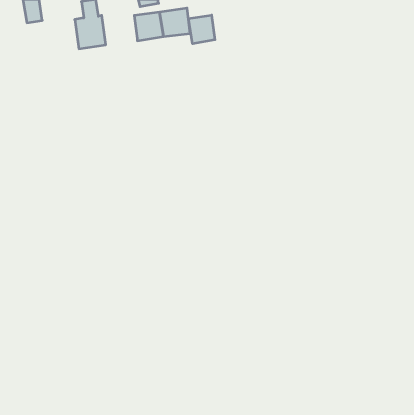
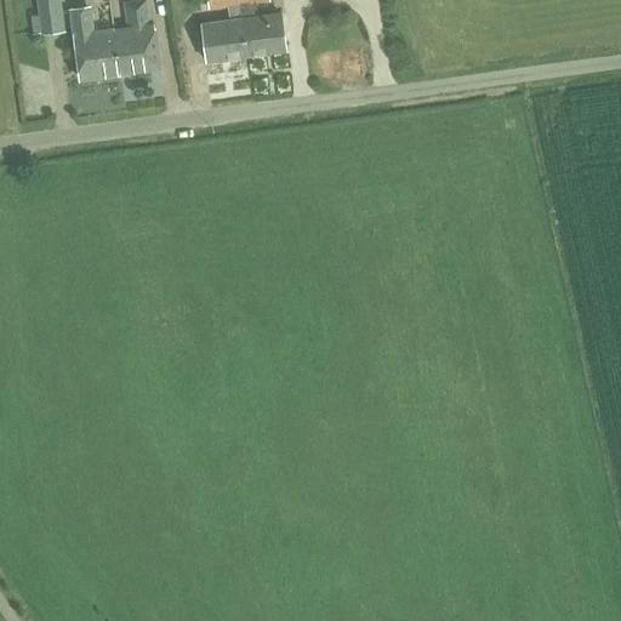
building: none -> [69,5,118,78]
building: [188,15,215,44] -> none

